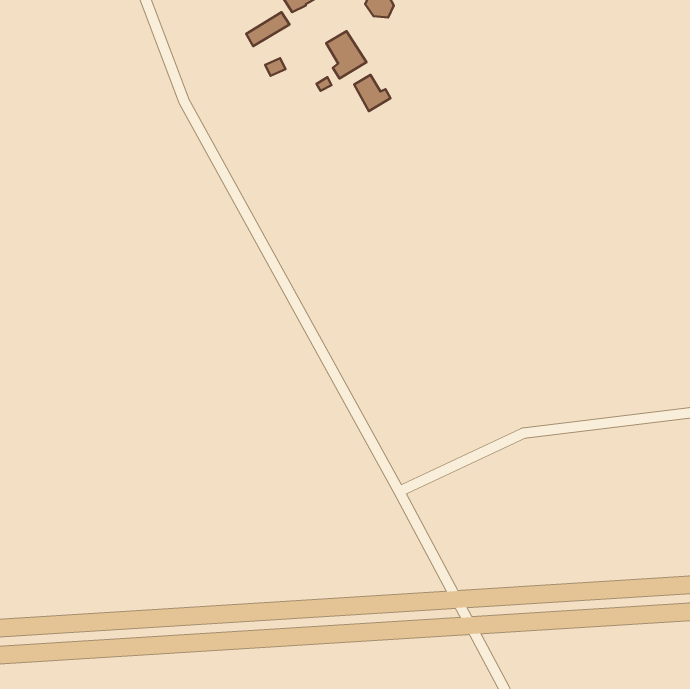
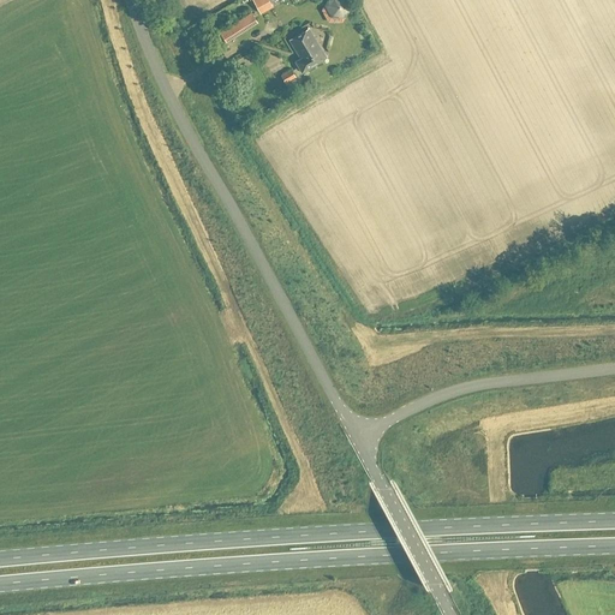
building: [354,75,391,111] -> none

